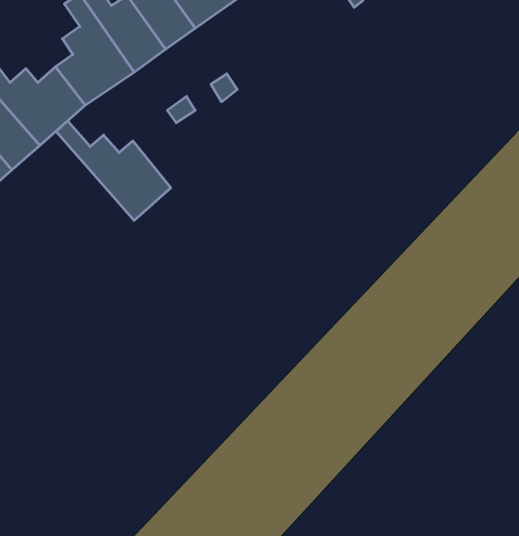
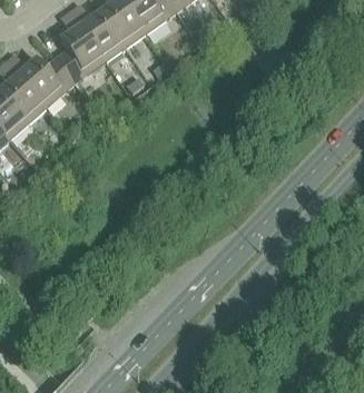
building: [56,121,171,220] -> none

